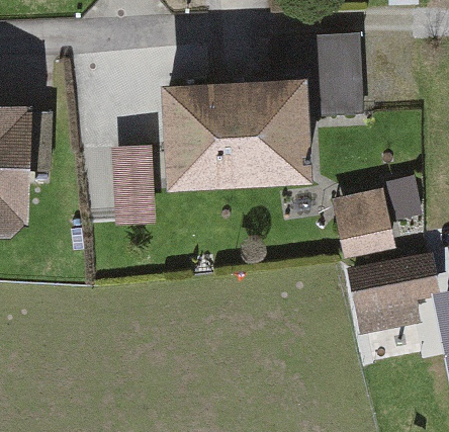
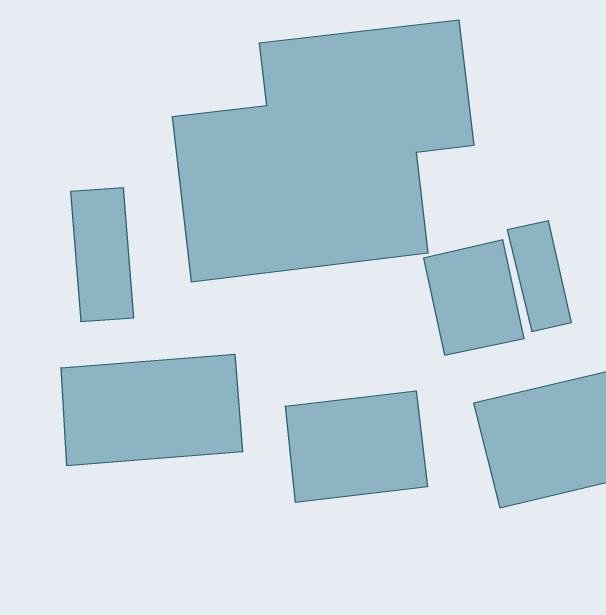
building: none -> [61,354,242,466]
building: none -> [285,391,427,502]

